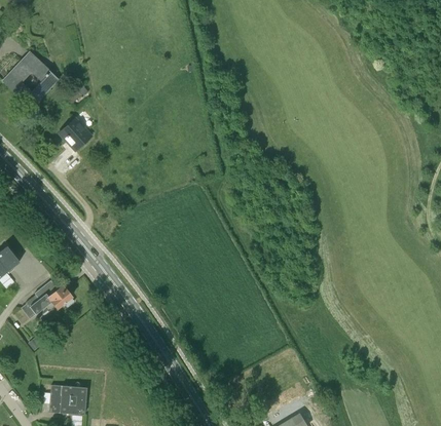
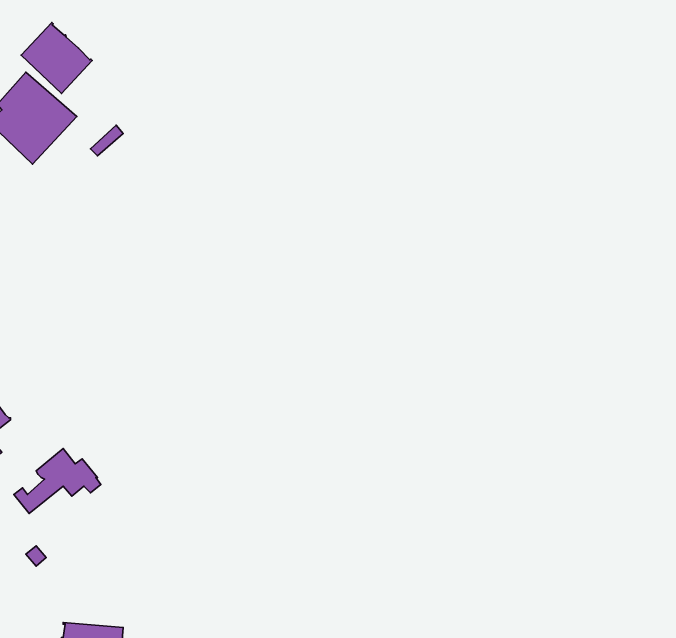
building: none -> [21,22,92,93]
building: [61,116,91,150] -> none

